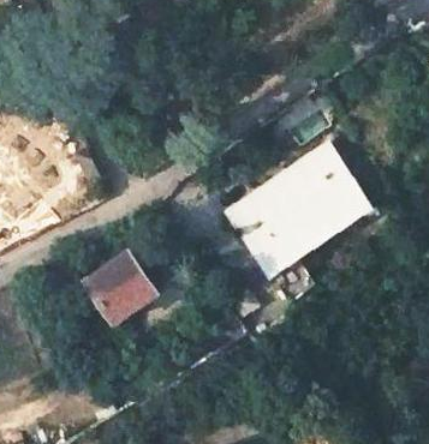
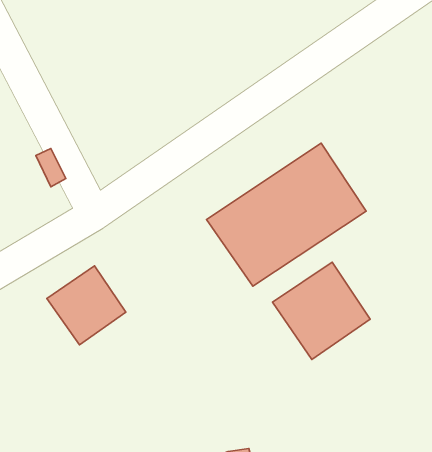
building: none -> [272,262,370,360]

